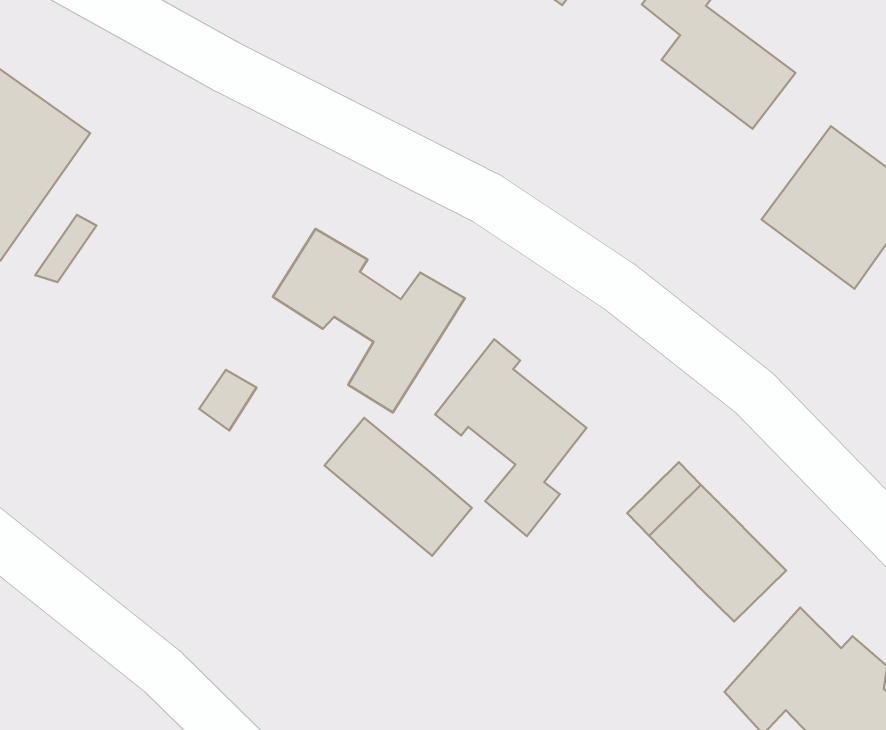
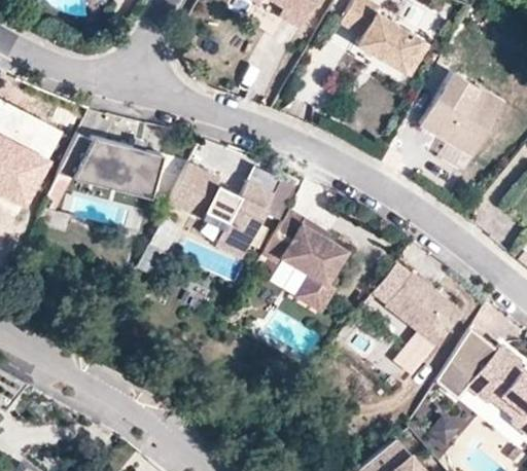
building: none -> [65,133,163,202]
building: [325,418,472,556] -> none
building: none -> [394,328,437,373]

